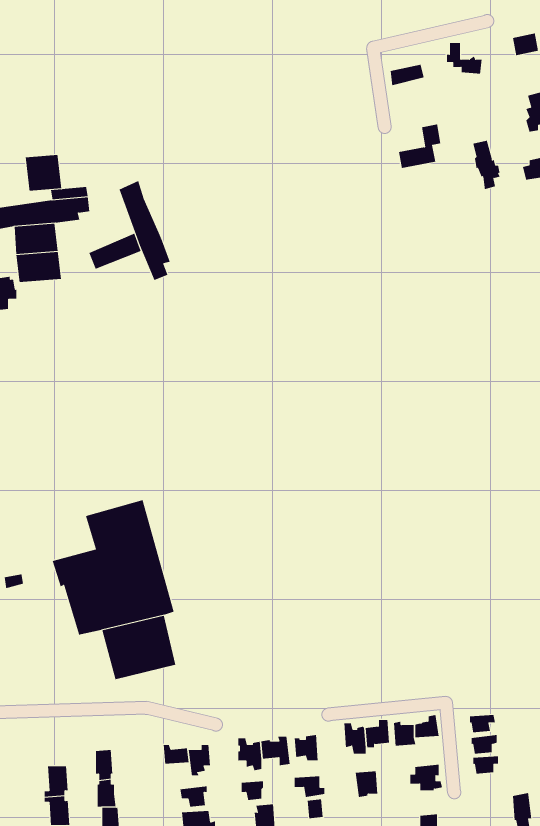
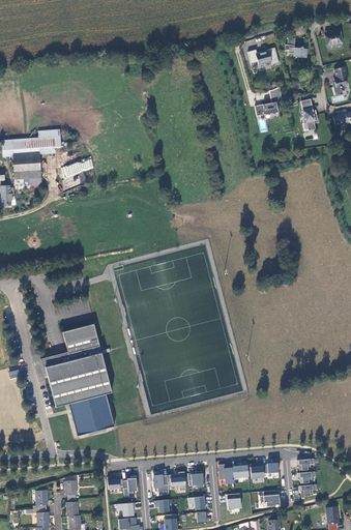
building: [25,154,62,192] -> none
building: [119,180,171,281] -> none

